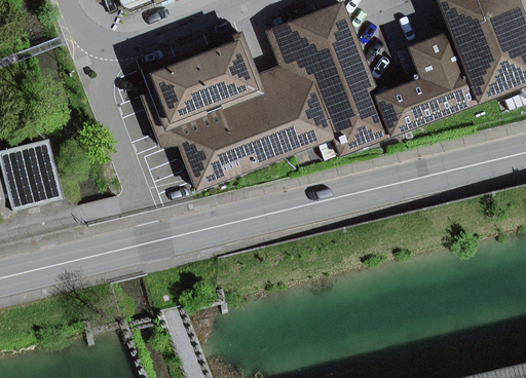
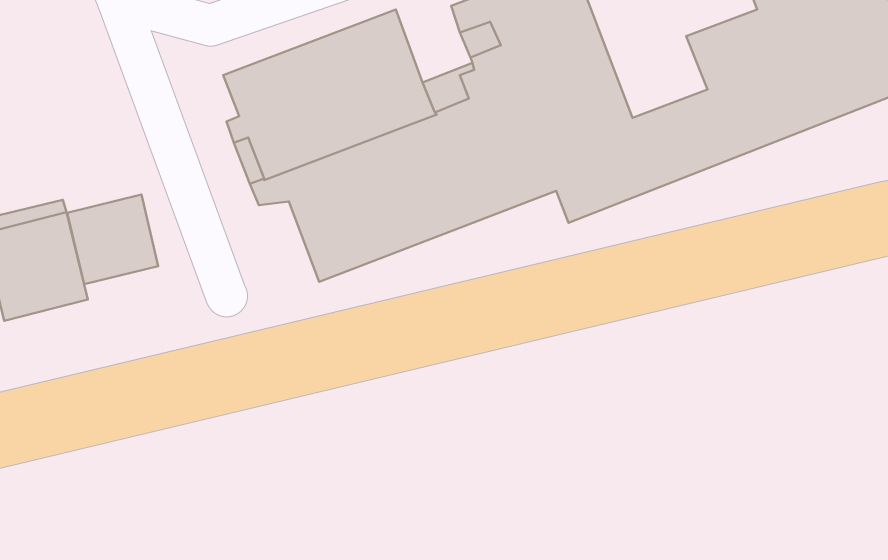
building: none -> [67,195,158,284]

